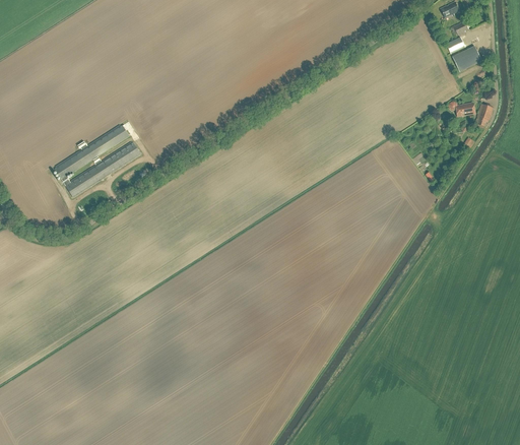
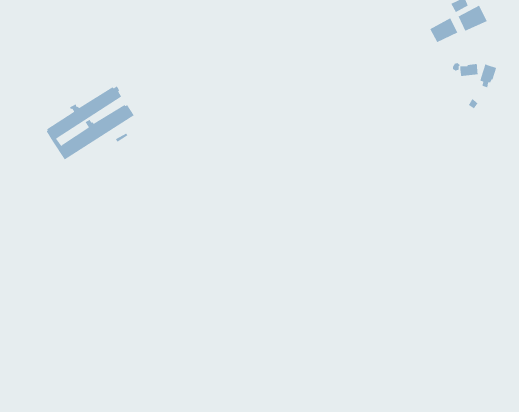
building: none -> [429,17,458,43]

